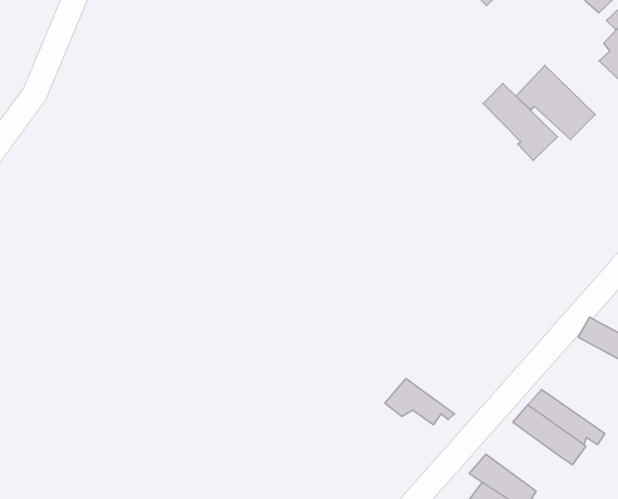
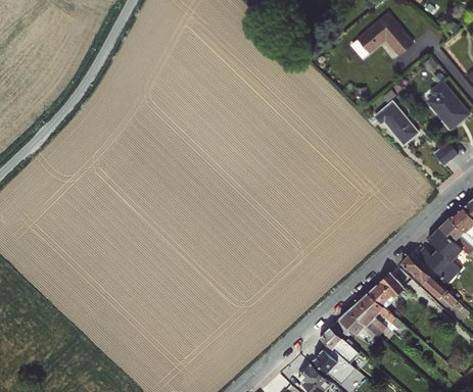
building: [483,83,557,160] -> none
building: none -> [368,273,405,308]
building: [385,378,455,425] -> [334,310,375,340]

